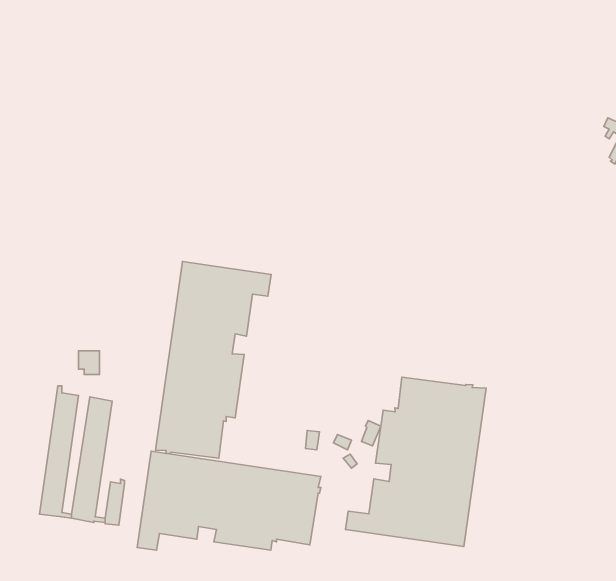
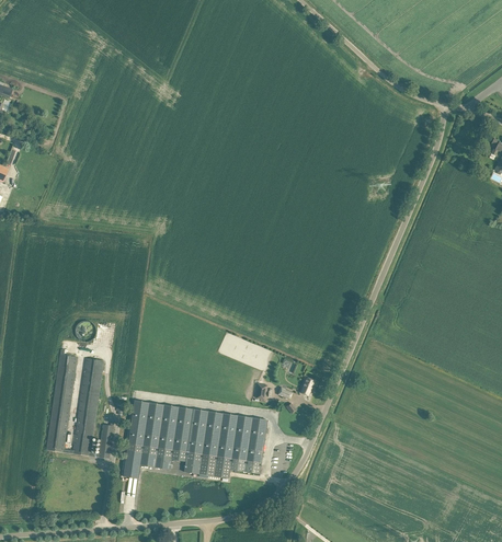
building: [156,262,271,458] -> none
building: [345,377,486,547] -> none

